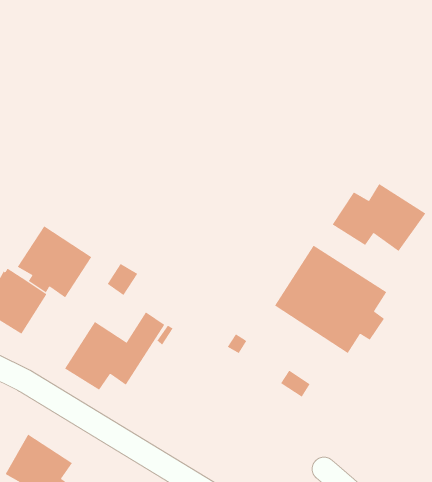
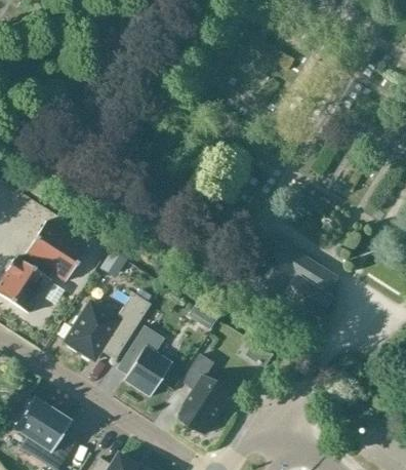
building: [332,183,426,252] -> none
building: none -> [118,325,172,396]
building: none -> [179,353,233,432]

